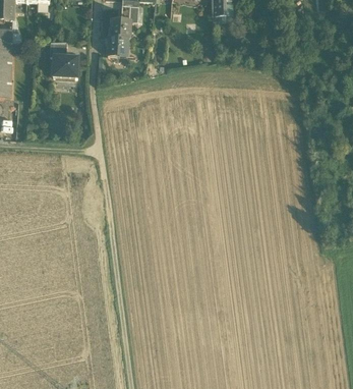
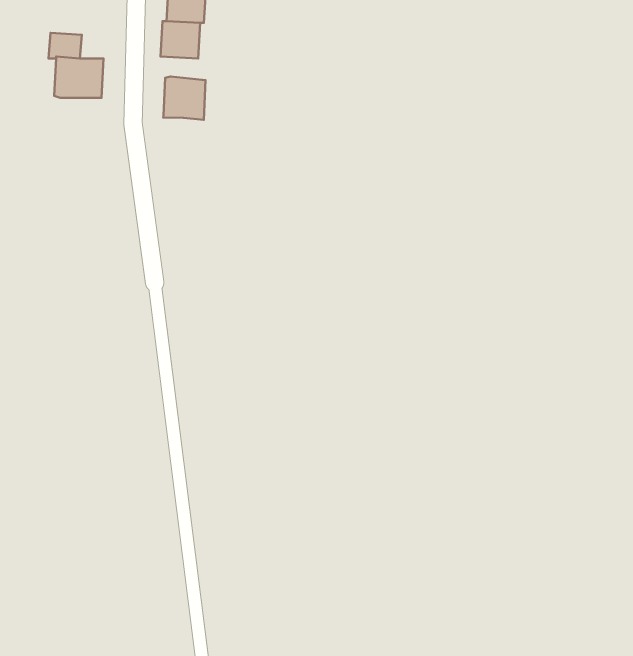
building: none -> [163,76,206,120]

